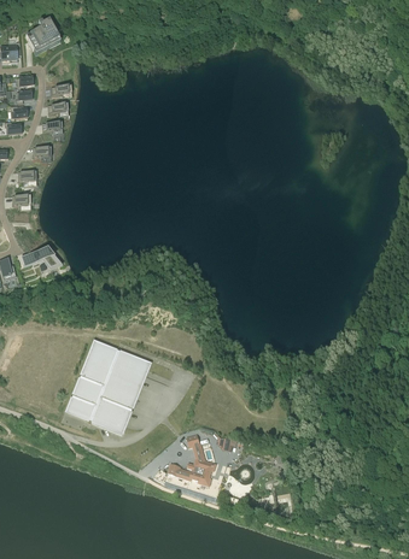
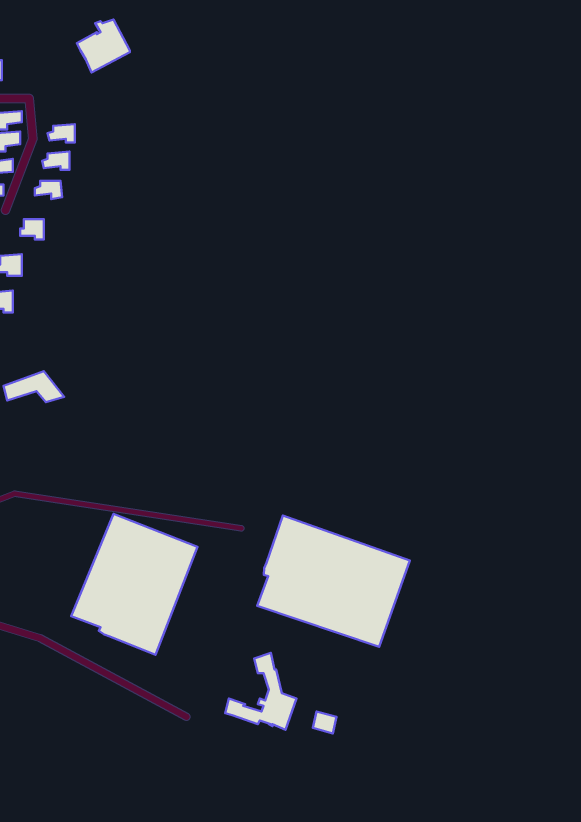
building: [25,19,60,54] -> [77,19,130,72]
building: none -> [257,516,410,647]

